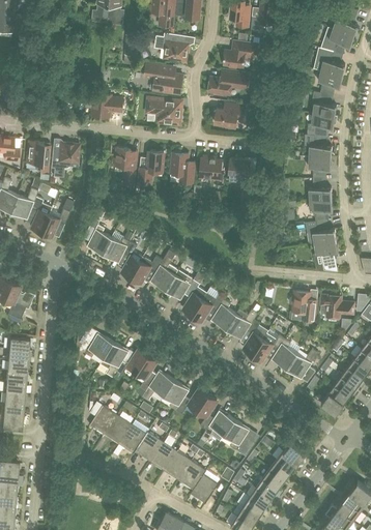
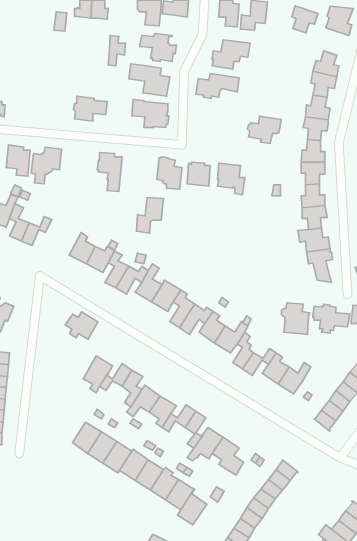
building: [329,29,353,55] -> [292,6,318,33]
building: [212,104,245,129] -> [248,116,281,143]
building: [138,151,164,185] -> [136,198,163,233]
building: [81,333,112,359] -> [65,312,98,339]

